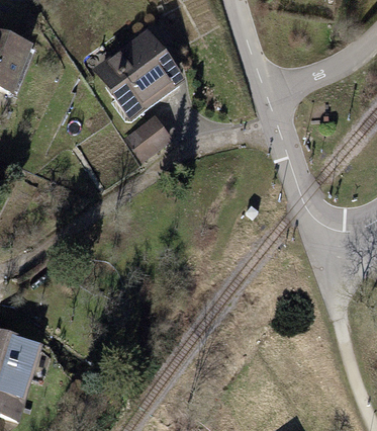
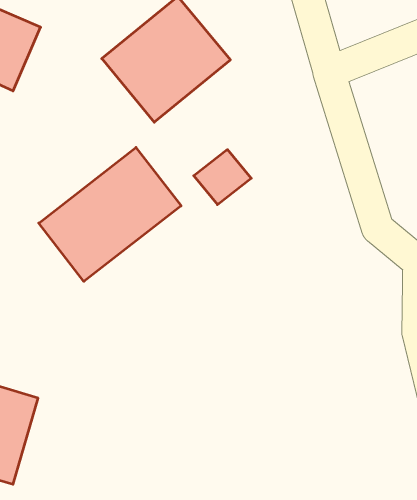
building: [125,117,172,162] -> [194,150,251,205]
building: none -> [39,147,181,281]

